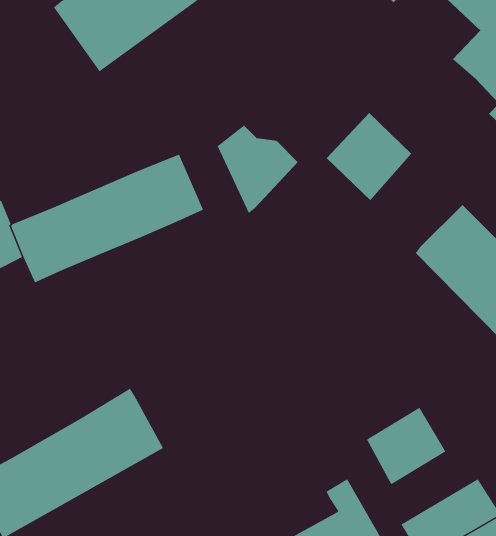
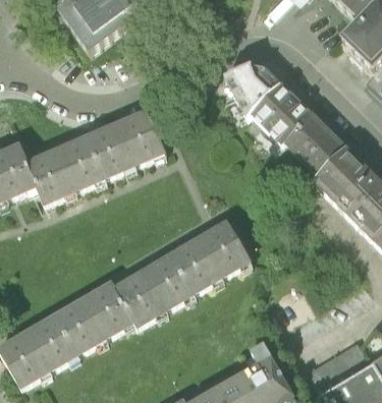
building: [217,125,299,214] -> [223,55,281,118]
building: none -> [282,111,347,177]
building: none -> [115,217,253,324]
building: [366,407,446,485] -> none

